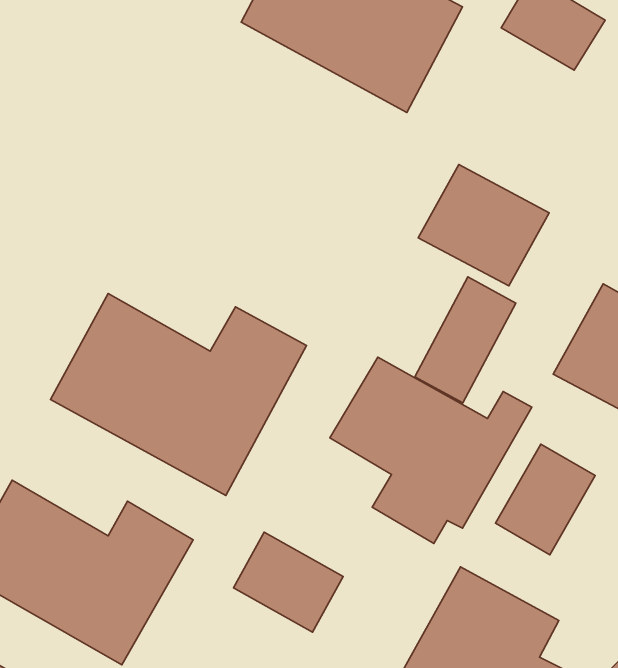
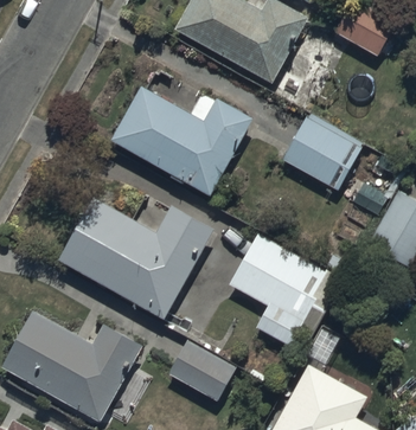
building: none -> [111,86,252,197]
building: [415,277,516,403] -> none
building: [496,444,595,555] -> none

